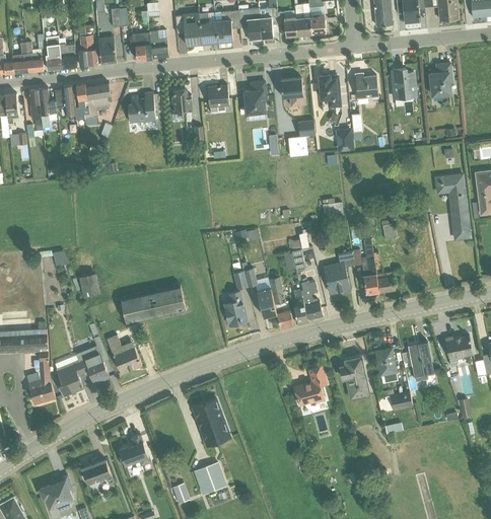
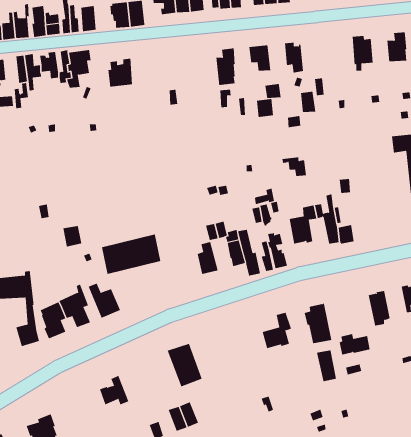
building: [354,73,377,98] -> none
building: [206,85,228,107] -> none
building: [170,89,191,114] -> none
building: [374,349,397,383] -> [316,350,337,382]
building: [80,459,113,486] -> none

